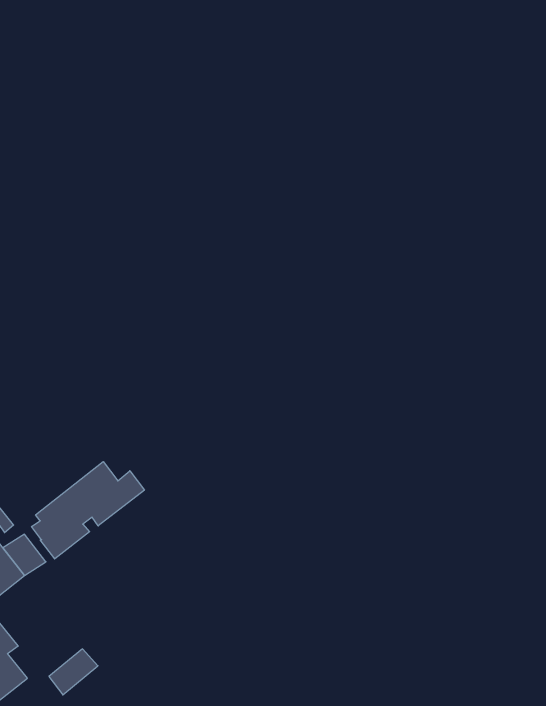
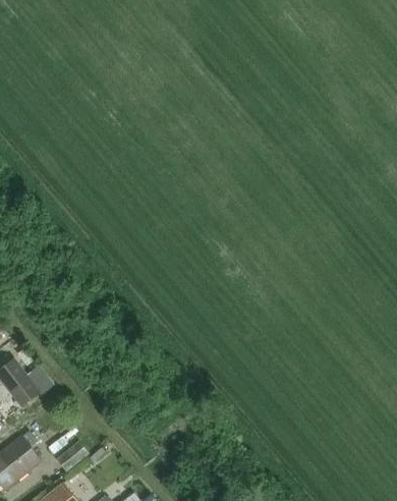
building: [32,462,144,559] -> none

